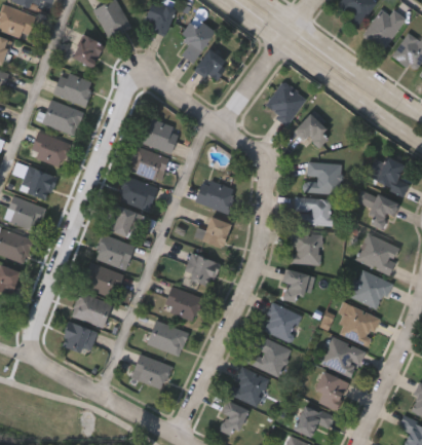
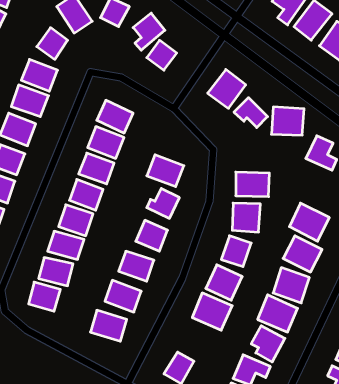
building: [306,161,343,193] -> [271,107,304,135]
building: [363,191,400,231] -> none
building: [229,366,270,407] -> none

